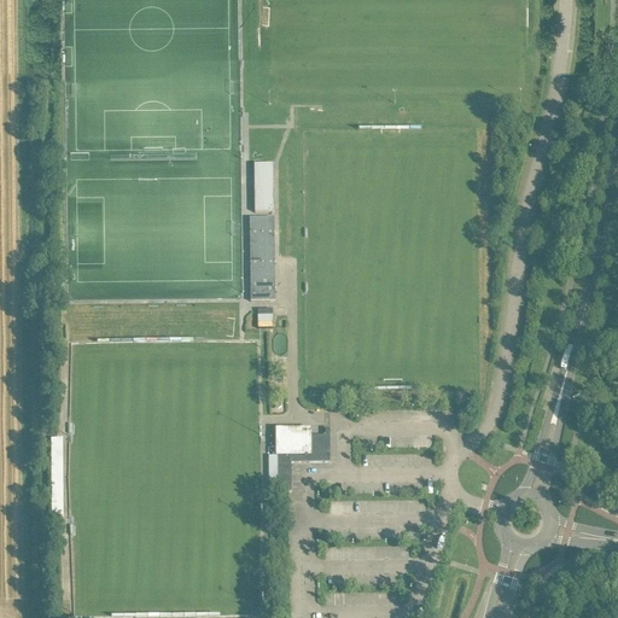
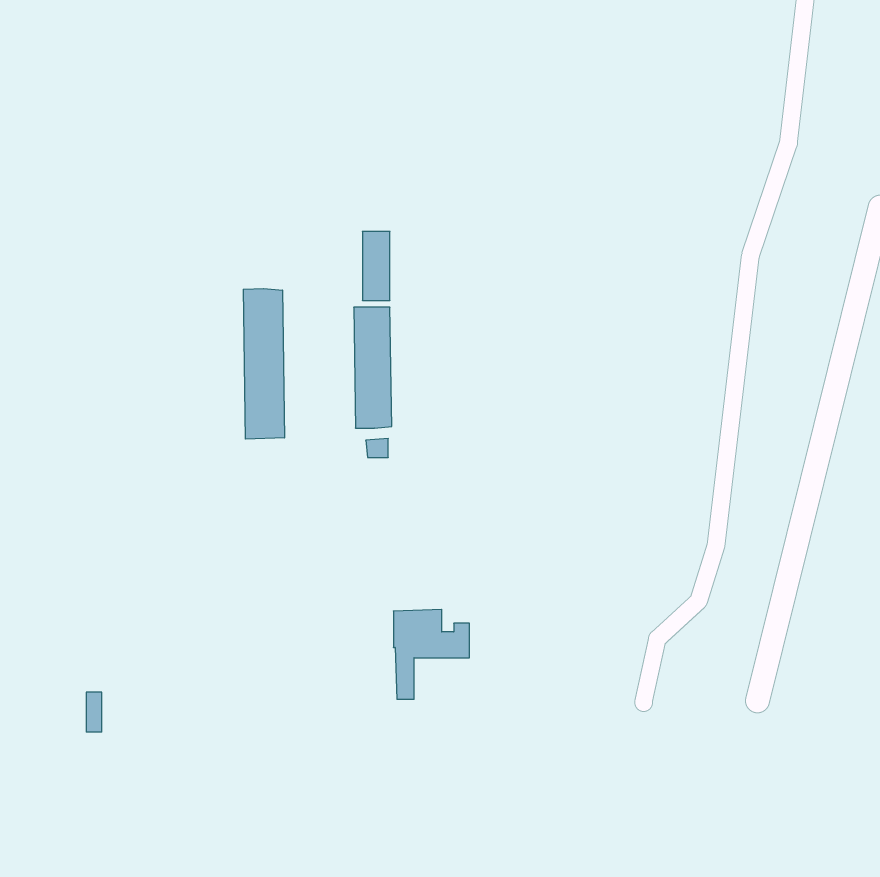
building: none -> [243,289,284,439]

